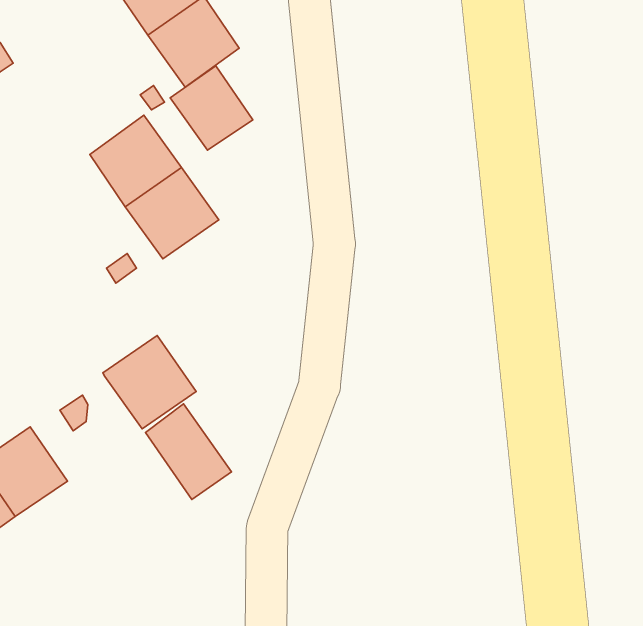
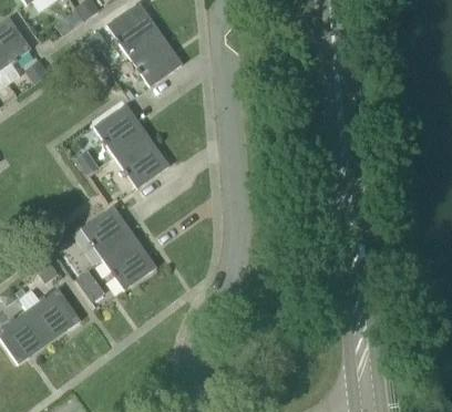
building: [170,66,253,150] -> none
building: none -> [80,205,133,256]
building: [145,404,232,500] -> none

